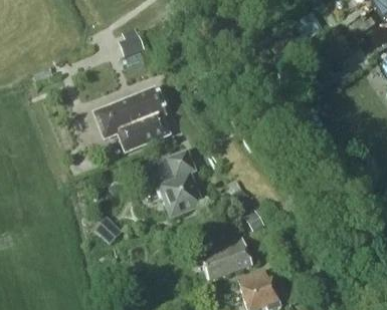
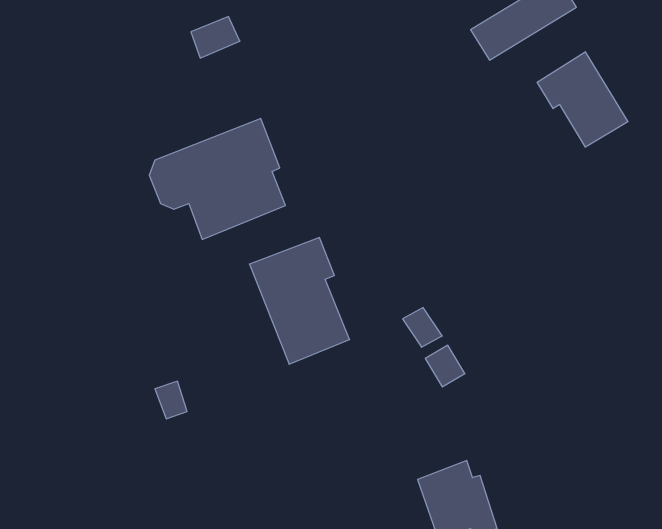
building: none -> [537,52,628,147]
building: [199,236,251,280] -> none

